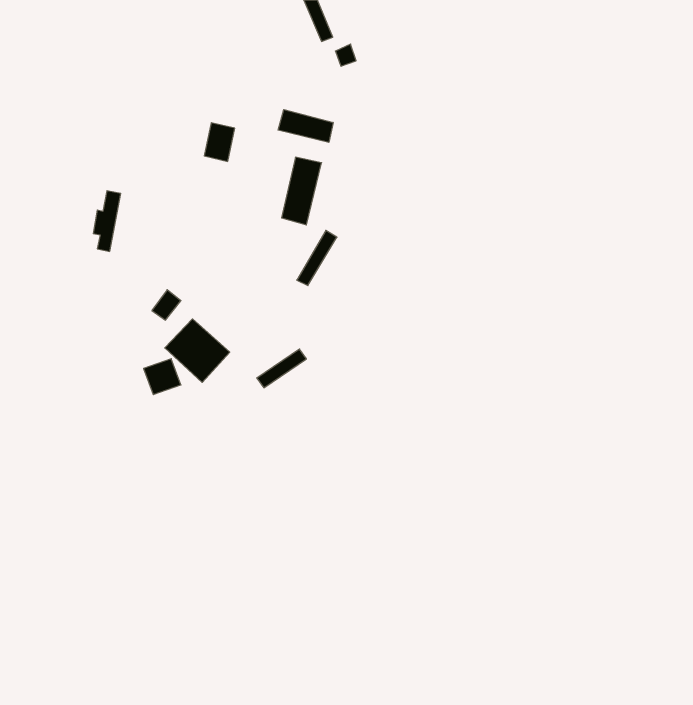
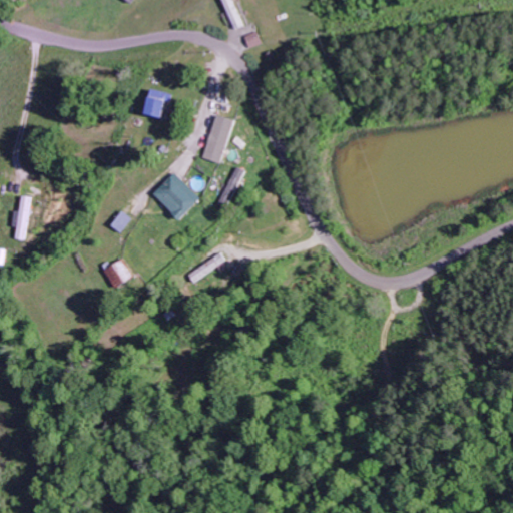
building: [278,110,333,142] -> none
building: [93,191,121,251] -> [9,195,29,239]
building: [165,319,230,382] -> [153,173,200,219]

